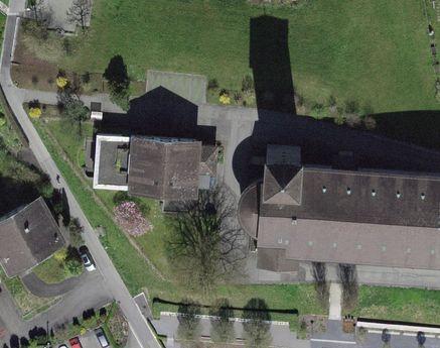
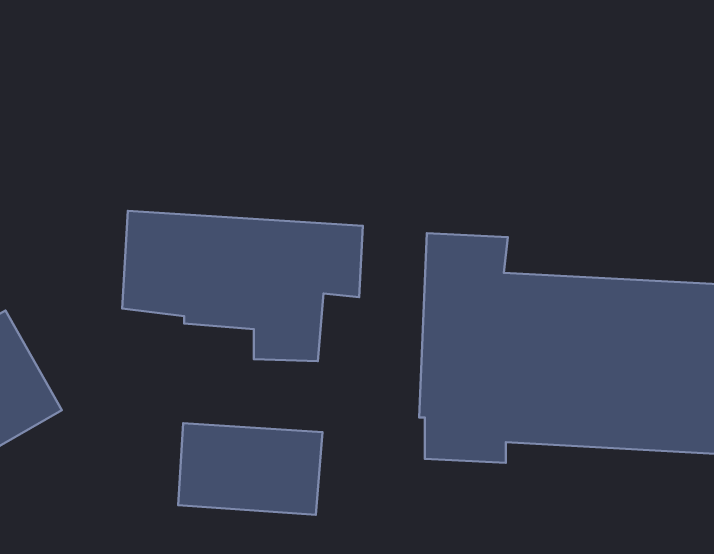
building: none -> [178,423,322,515]

